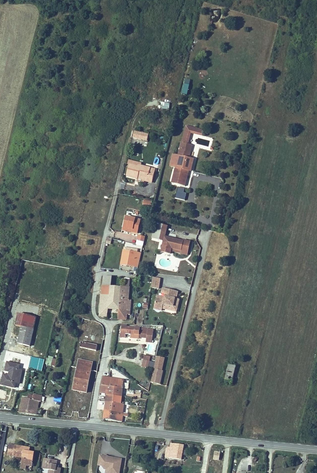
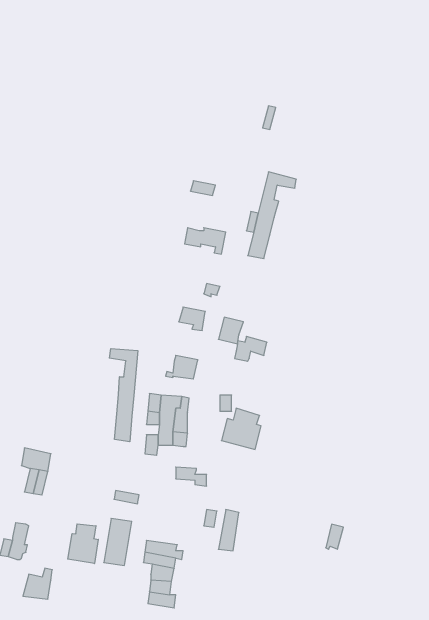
building: none -> [109,349,138,442]
building: none -> [68,524,98,564]

